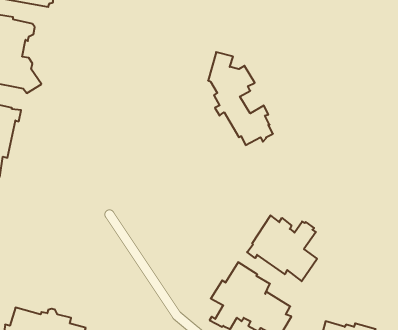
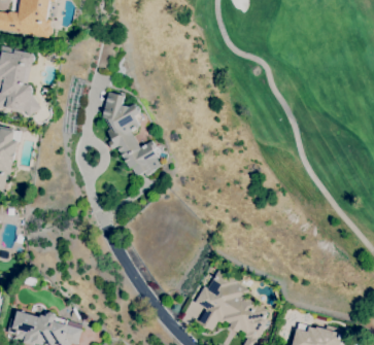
building: [208,52,273,145] -> [102,92,161,176]
building: [247,215,317,281] -> none

